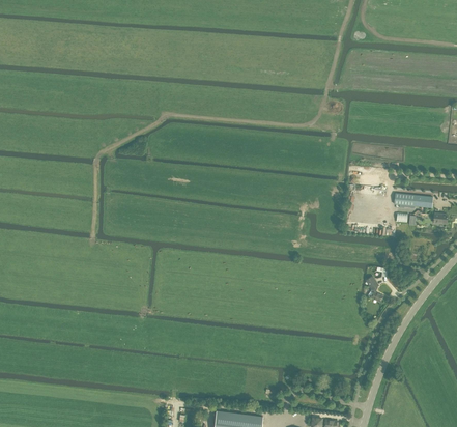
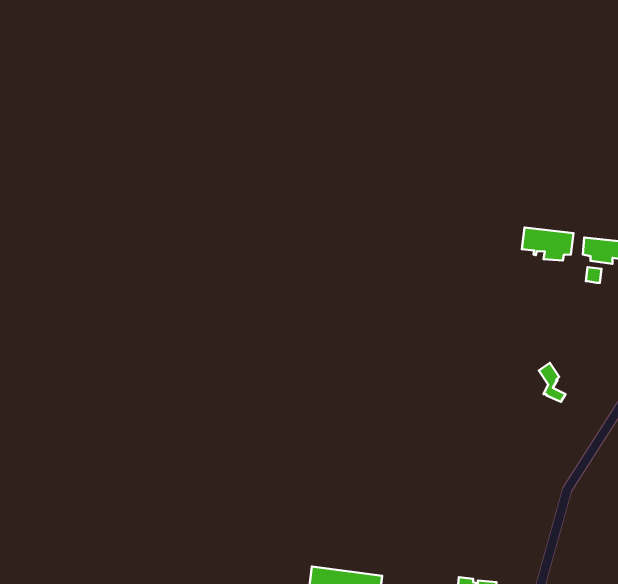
building: none -> [522,228,573,261]

